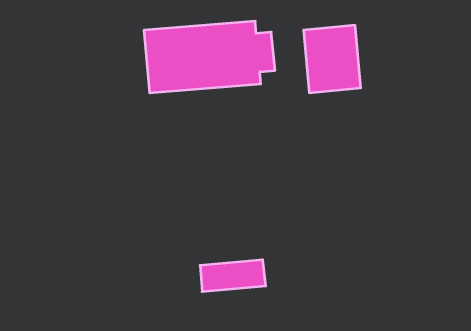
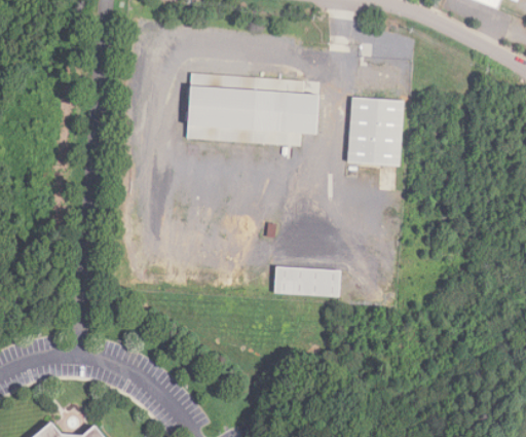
building: [200,260,266,292] -> [274,267,340,298]

